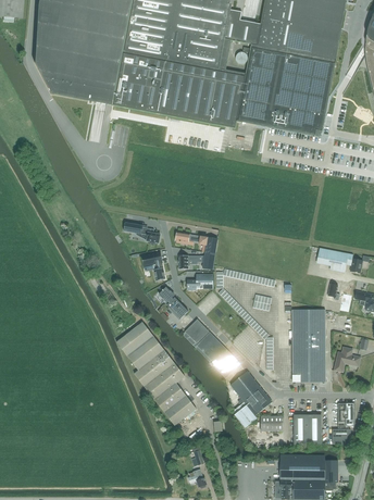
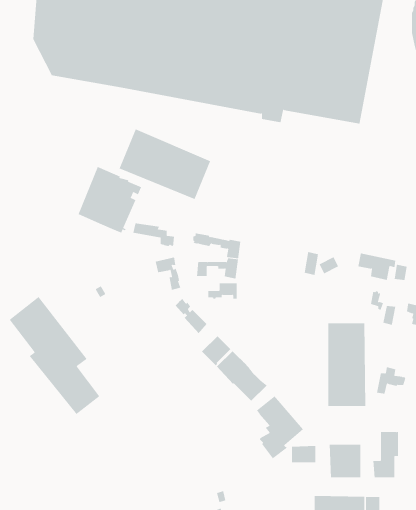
building: none -> [119,129,211,200]
building: none -> [78,166,142,234]
building: [115,321,195,424] -> [9,296,100,415]

